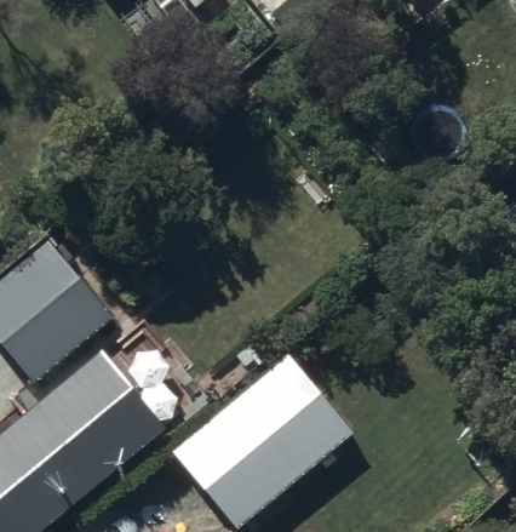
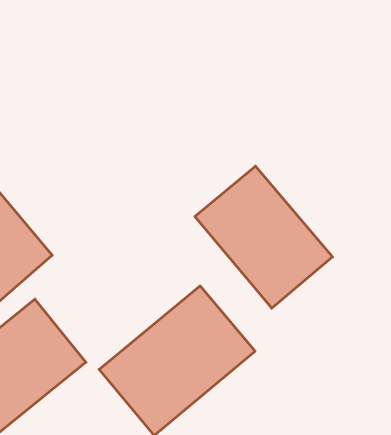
building: none -> [195,166,333,308]

